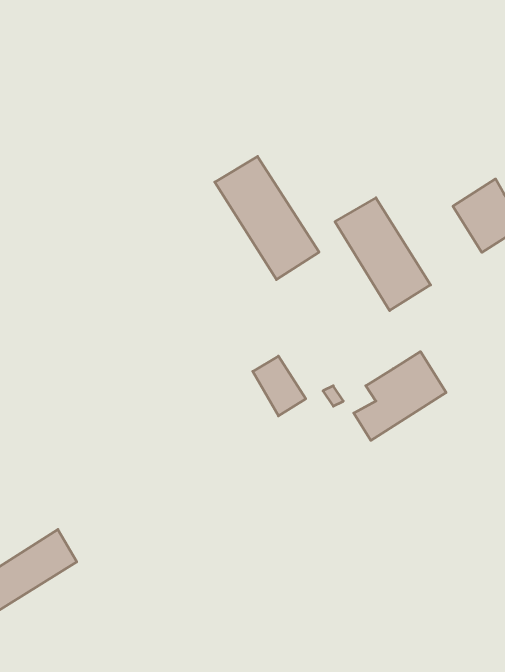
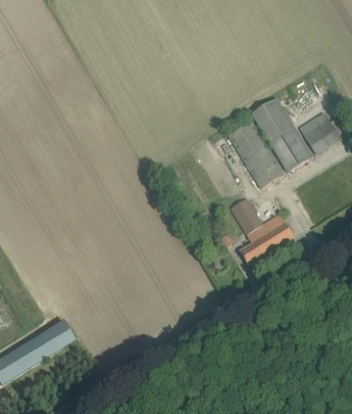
building: [215,156,319,280] -> [250,98,312,172]
building: [253,356,306,416] -> [230,197,261,233]

